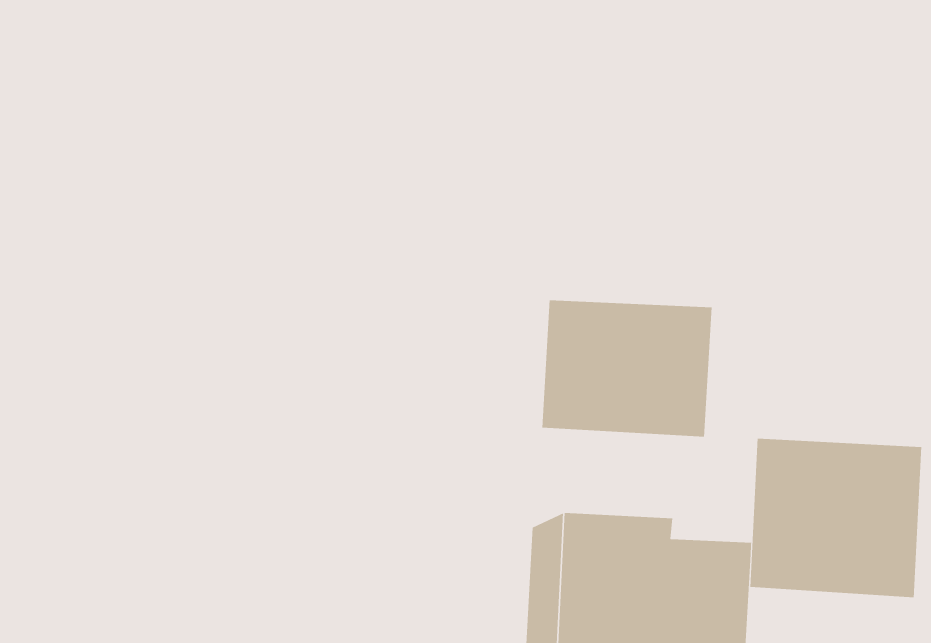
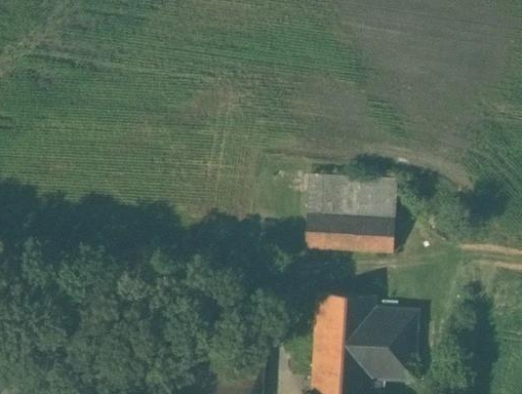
building: [750,438,922,598] -> none

